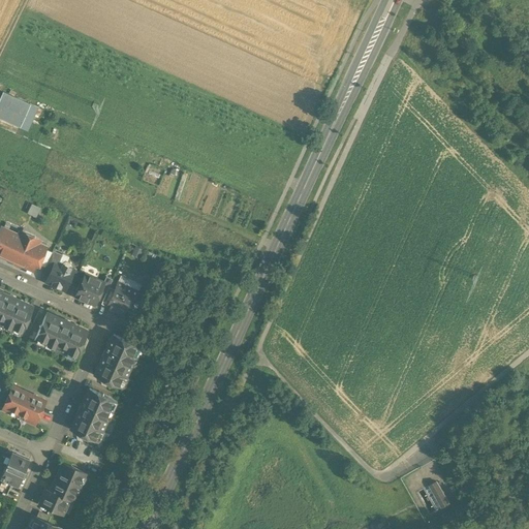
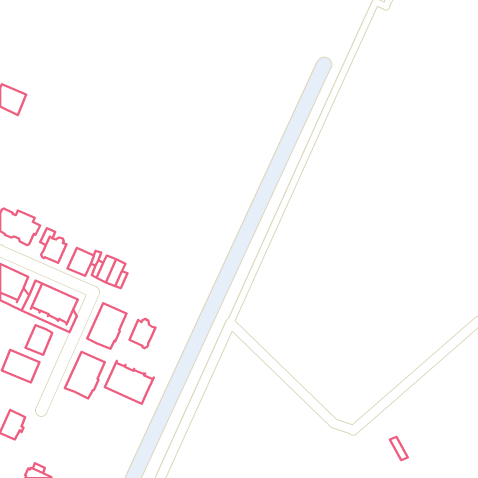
building: none -> [129,319,155,348]
building: none -> [26,325,52,355]
building: none -> [105,361,154,404]
building: [39,463,86,515] -> none

